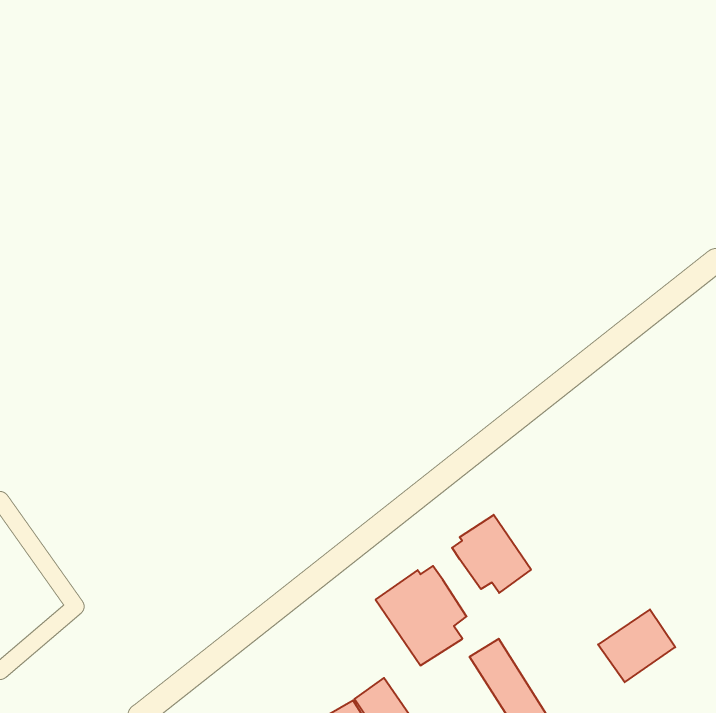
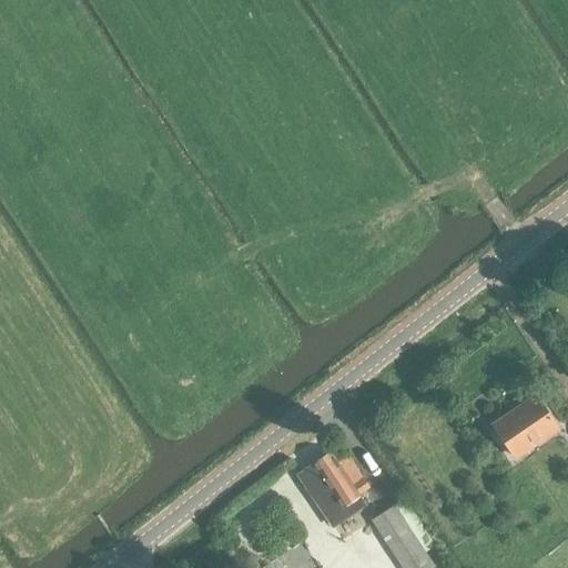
building: [452,515,531,593] -> none
building: [598,609,675,682] -> [495,398,556,456]

